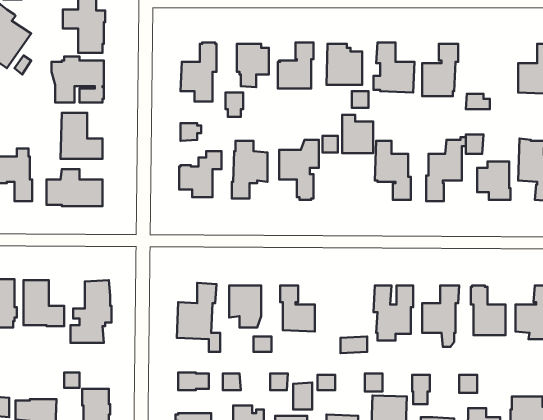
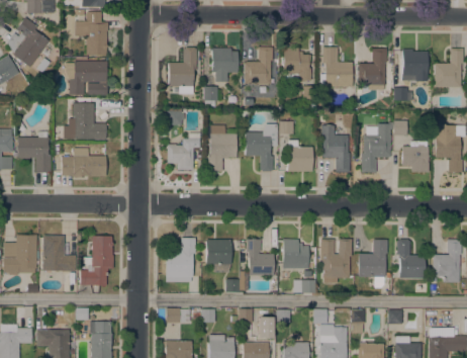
building: none -> [401,49,428,80]
building: [342,115,373,153] -> [288,141,312,171]
building: none -> [283,239,308,268]

